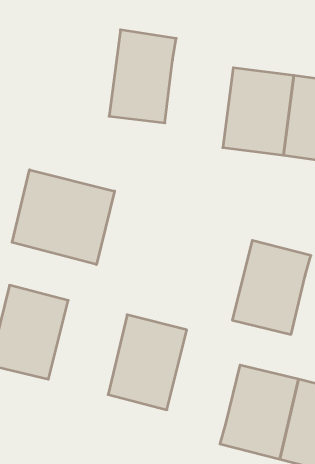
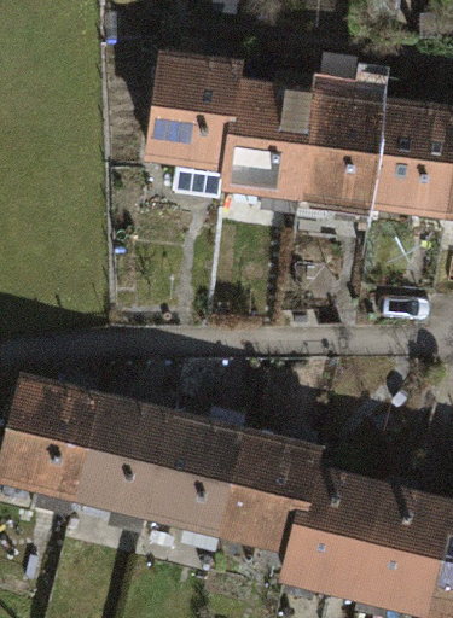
building: none -> [219,89,309,200]
building: [12,170,115,265] -> none
building: [232,240,311,334] -> [225,432,325,552]
building: none -> [74,395,174,514]

